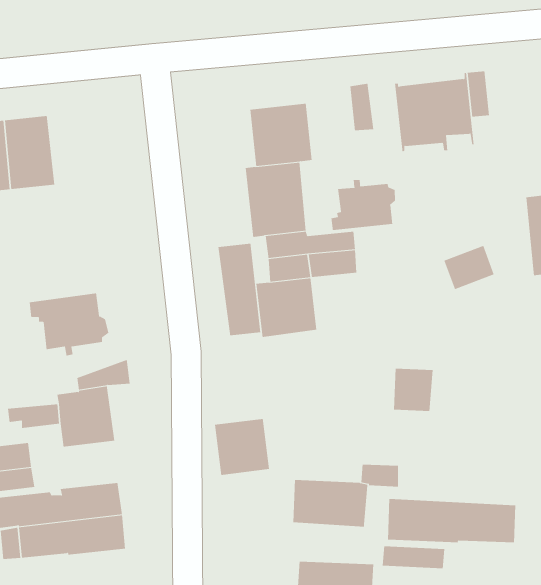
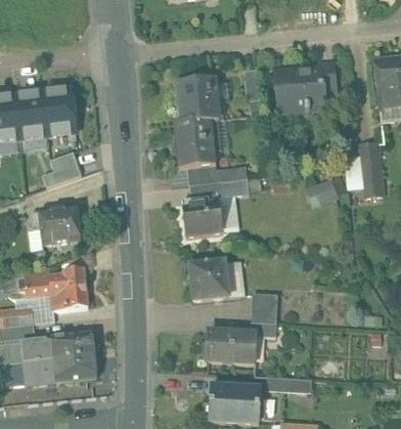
building: none -> [43,87,77,136]
building: [331,179,395,231] -> none
building: none -> [43,151,83,186]
building: [218,243,261,336] -> none
building: [393,368,433,411] -> [252,294,278,323]
building: [214,418,270,475] -> [190,263,227,301]
building: [388,498,516,543] -> none

